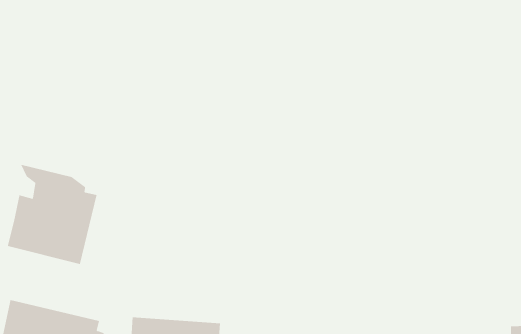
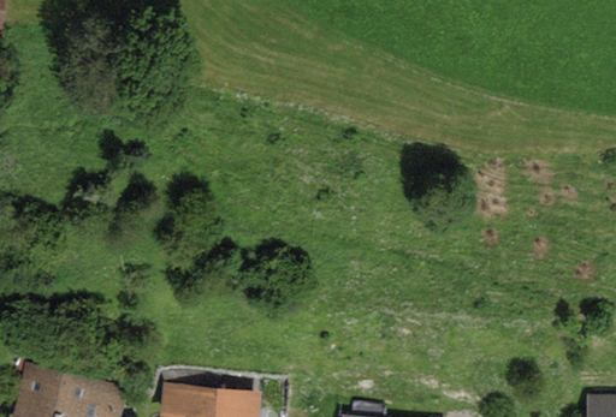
building: [7,164,97,265] -> none

